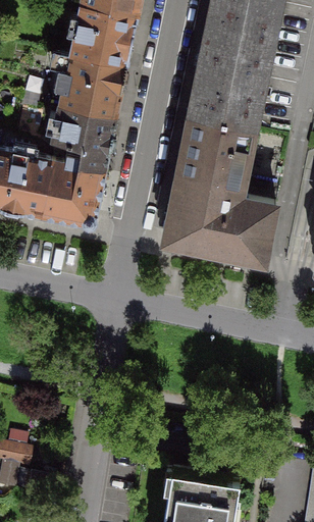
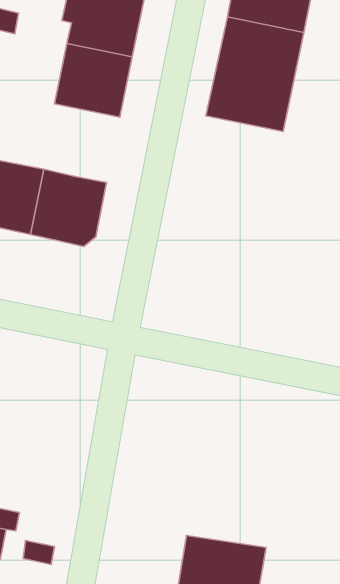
building: [52,106,115,172] -> none
building: [162,116,274,262] -> none

